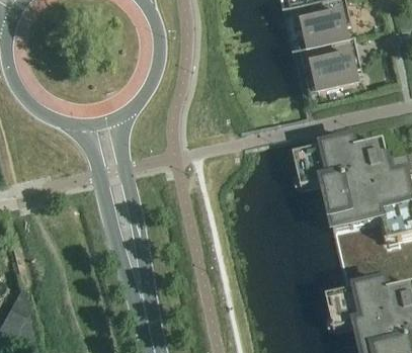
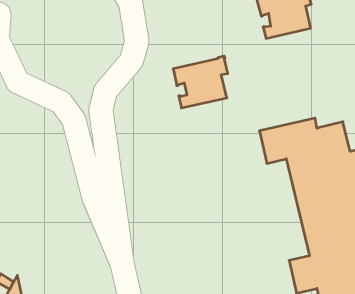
building: [298,34,357,91] -> [173,56,228,108]

